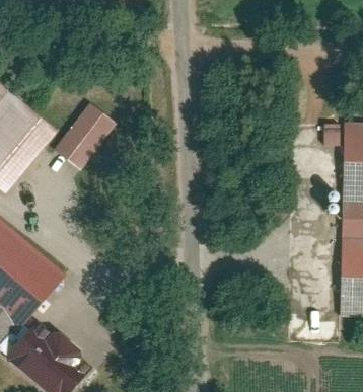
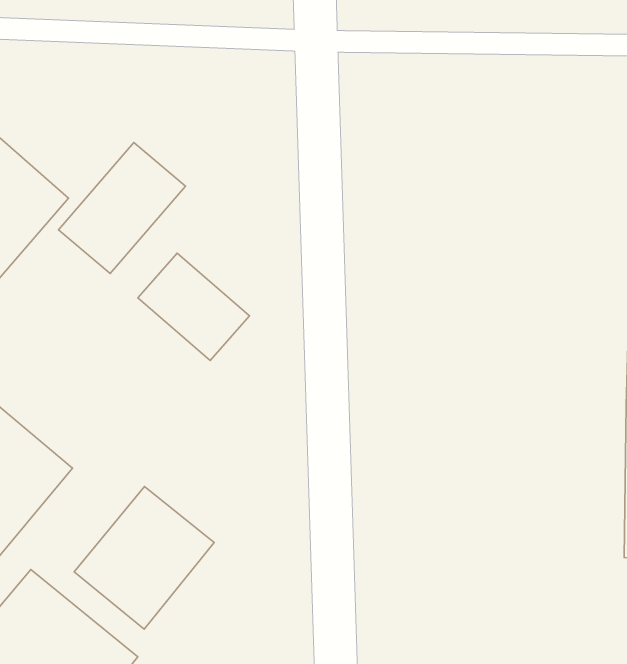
building: none -> [138,253,250,360]
building: none -> [74,487,214,629]

